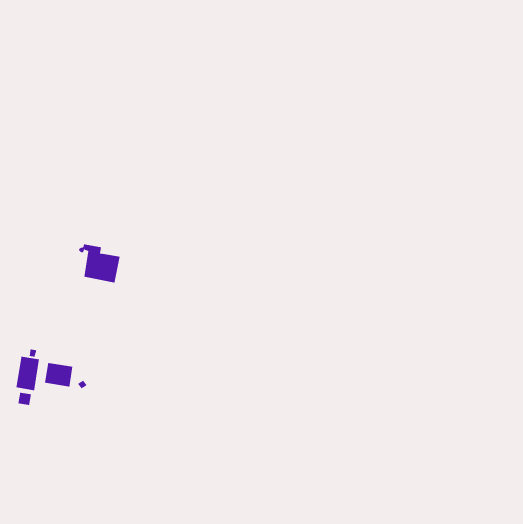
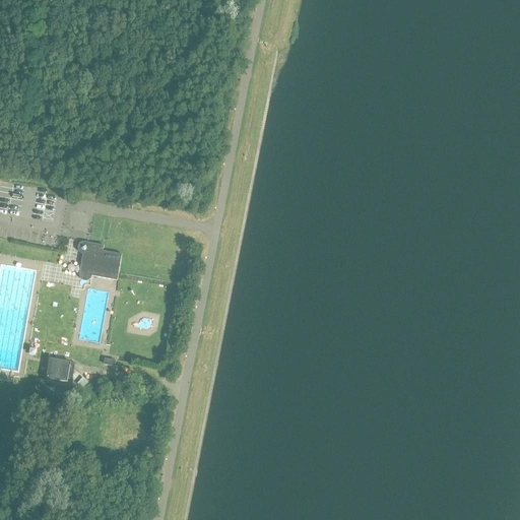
building: [16,356,40,391] -> none

